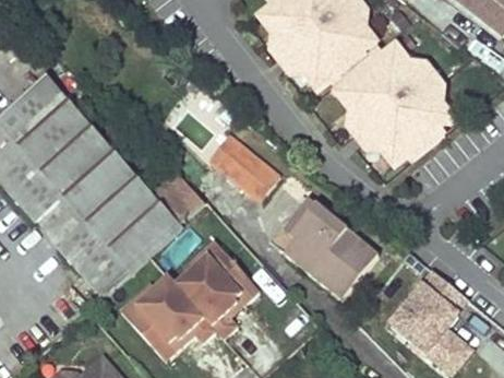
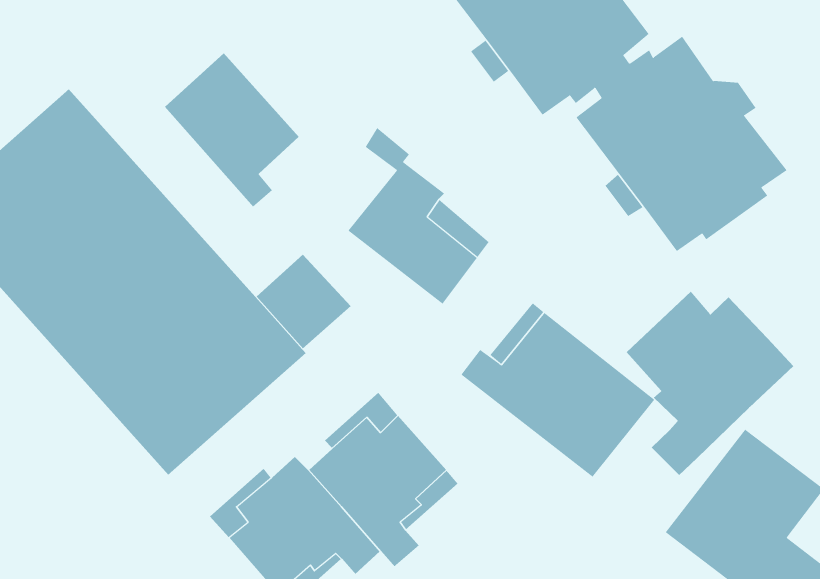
building: none -> [164,53,300,208]
building: none -> [626,291,794,476]

